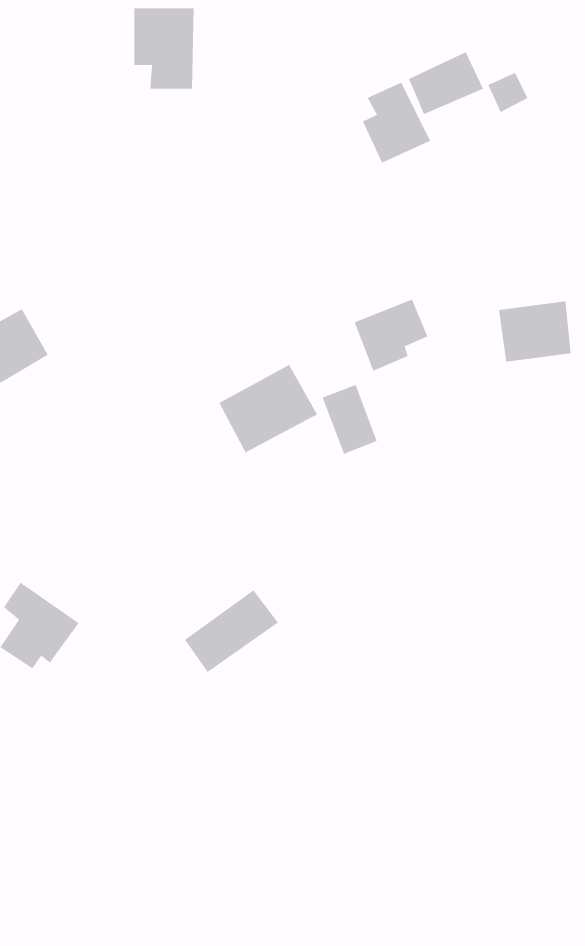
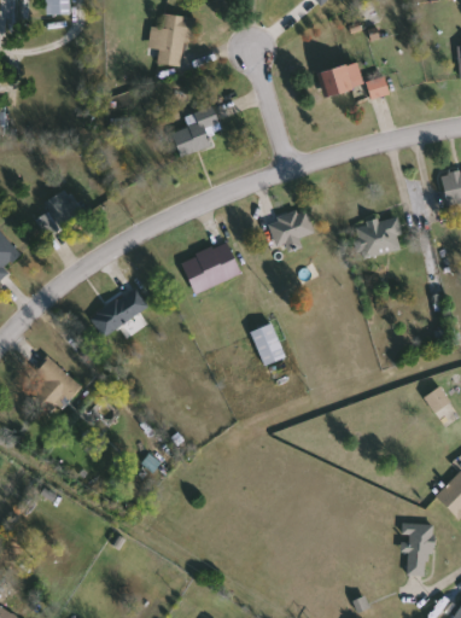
building: [362,82,431,163] -> none
building: none -> [171,106,220,157]
building: [322,384,377,454] -> [252,323,284,366]
building: [184,590,279,673] -> [91,287,150,336]

